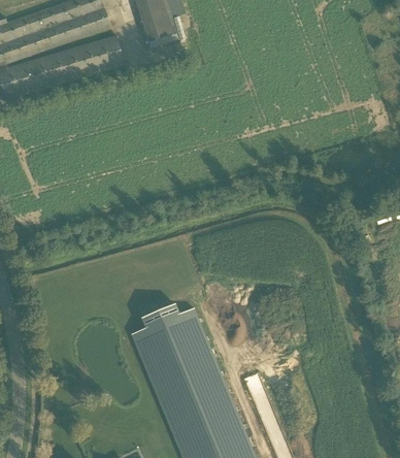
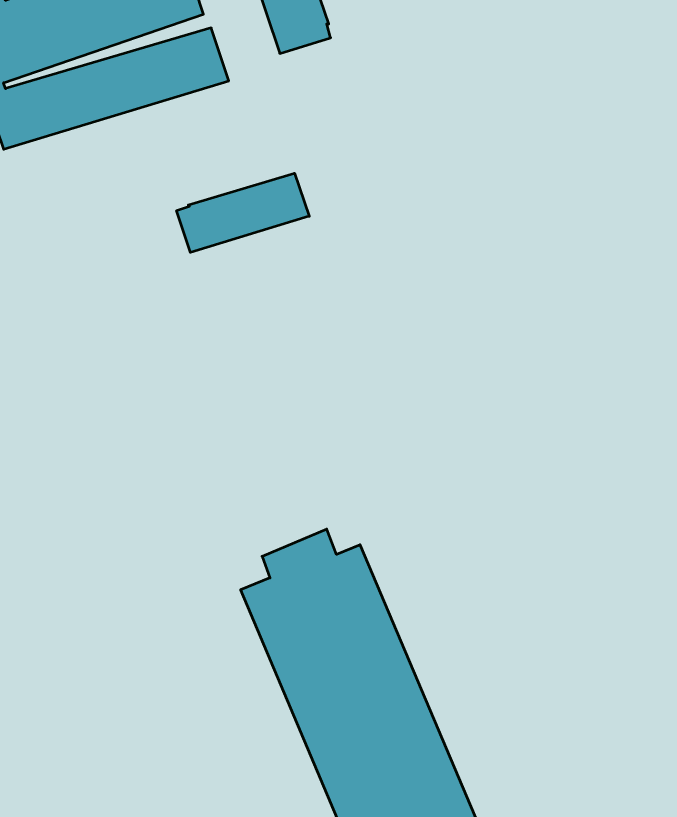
building: none -> [177,173,309,252]

